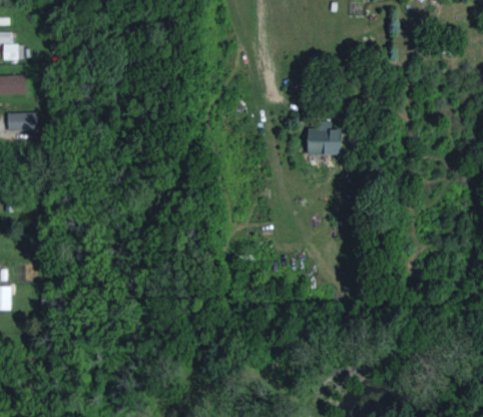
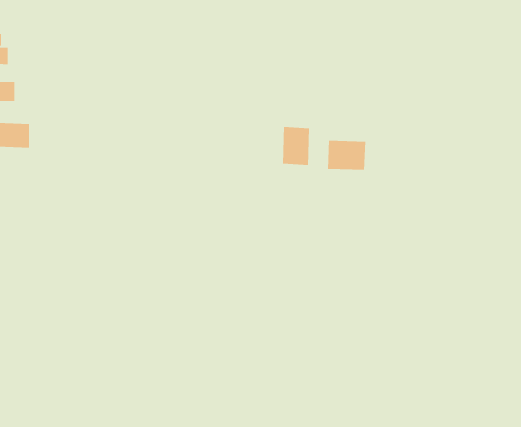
building: none -> [282,126,310,166]

